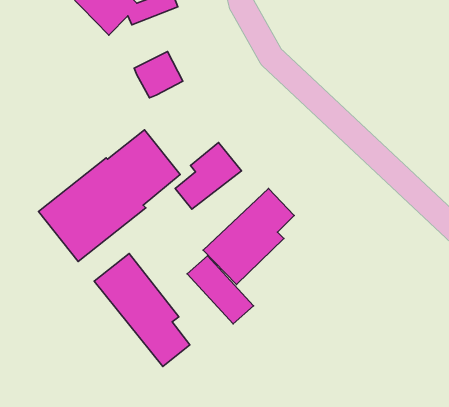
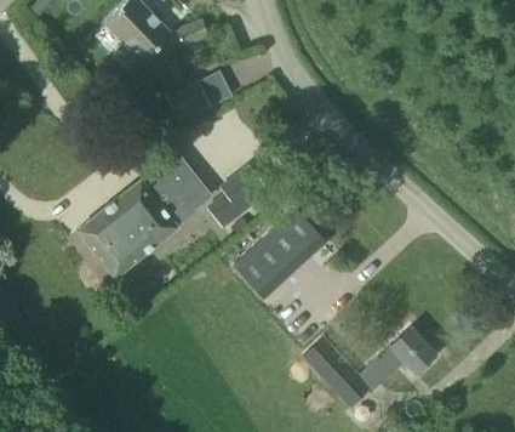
building: [94,253,190,366] -> none
building: [187,256,254,324] -> [305,340,368,404]
building: none -> [373,328,436,374]

